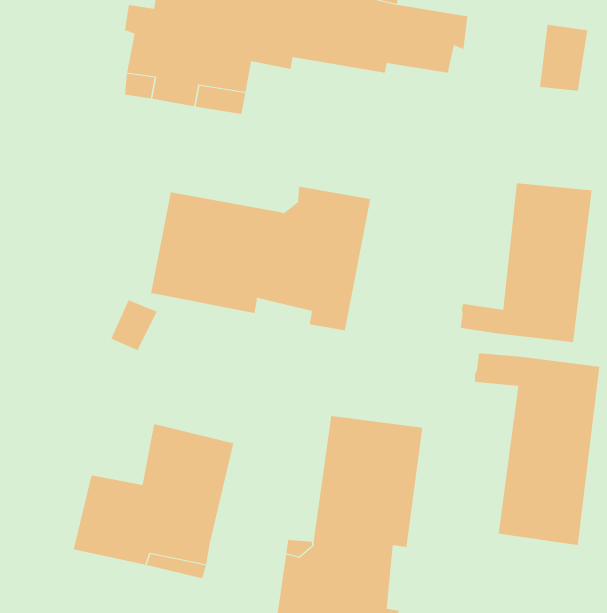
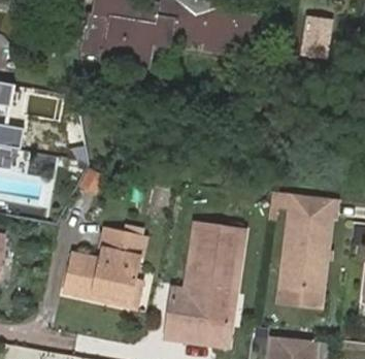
building: [460,183,592,343] -> none
building: [151,186,371,331] -> none

